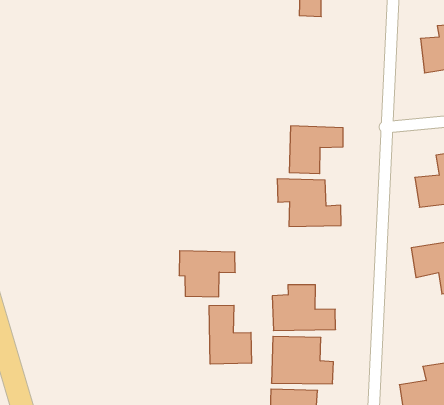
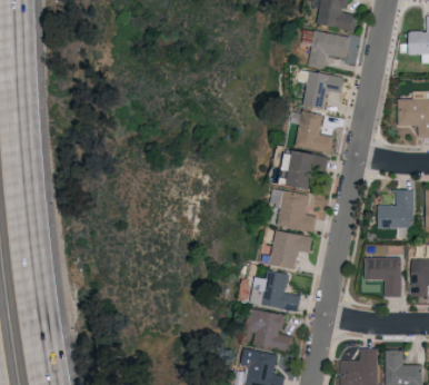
building: none -> [305,72,349,110]
building: none -> [290,111,335,152]
building: [179,251,235,297] -> [267,230,312,270]
building: [209,305,251,364] -> none

